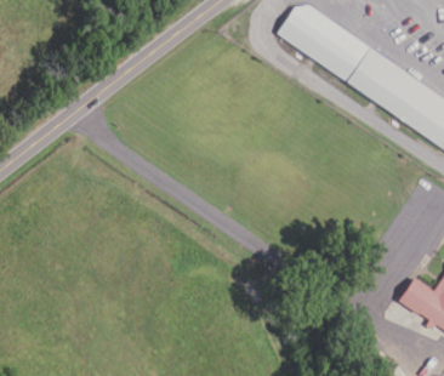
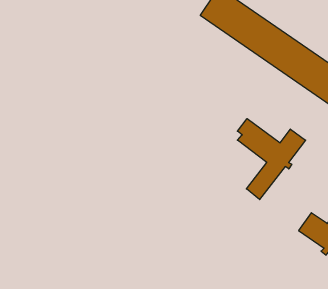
building: none -> [237,119,306,200]

